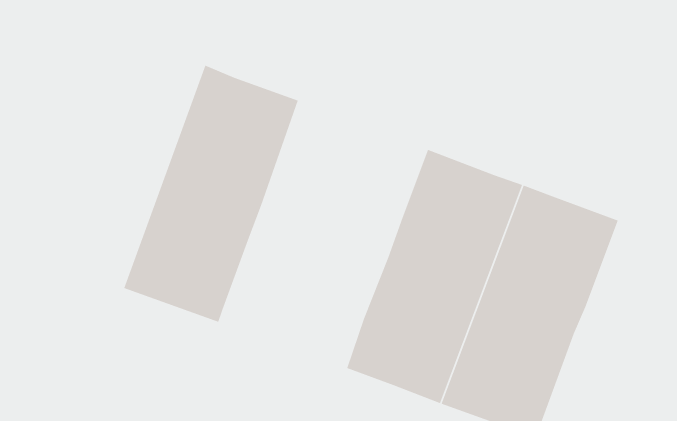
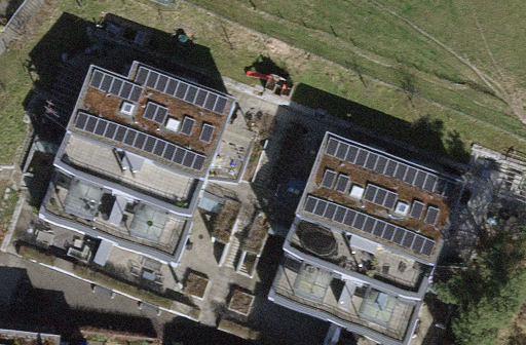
building: none -> [38,63,165,234]

